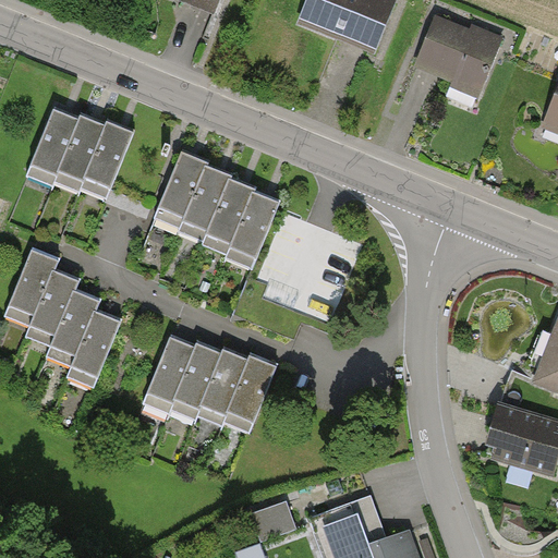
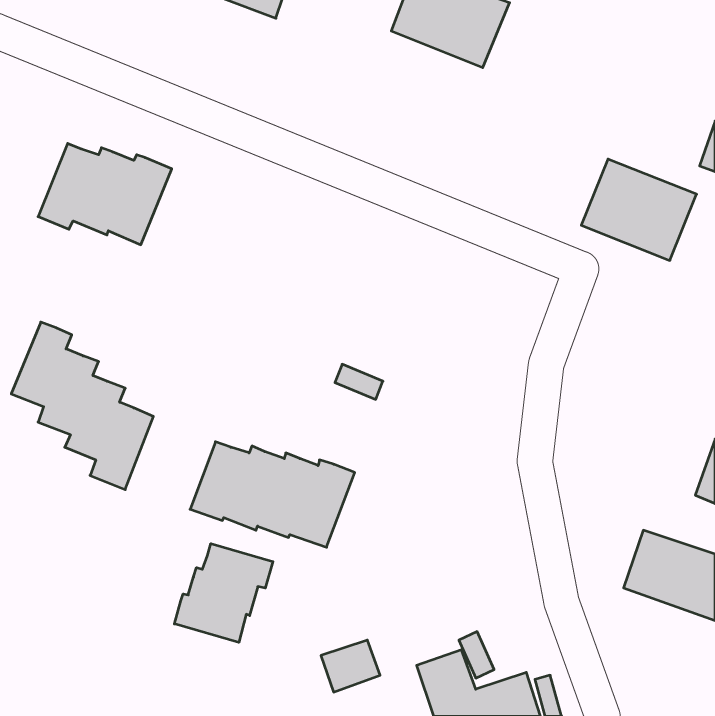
building: [413,16,502,95] -> [581,159,697,260]
building: [157,154,277,258] -> none
building: none -> [174,544,273,642]

